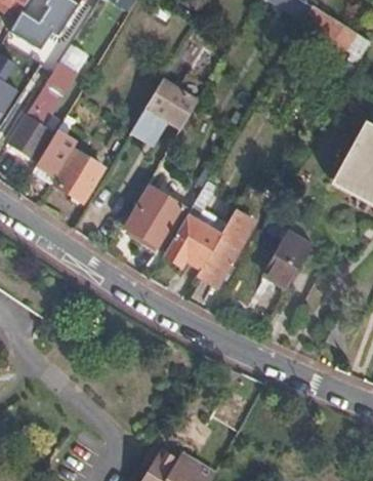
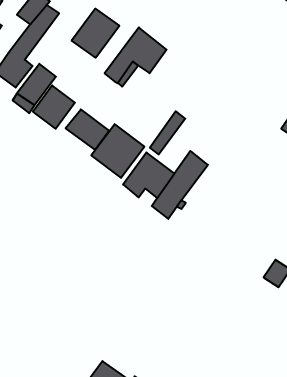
building: none -> [72,9,119,58]
building: none -> [66,109,109,150]
building: [265,230,314,287] -> none

